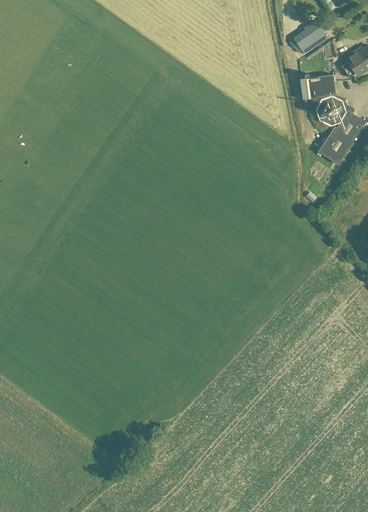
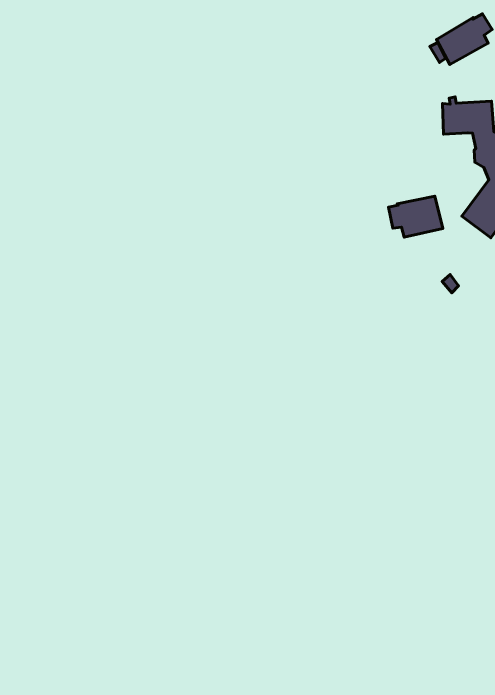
building: none -> [388,196,443,237]

